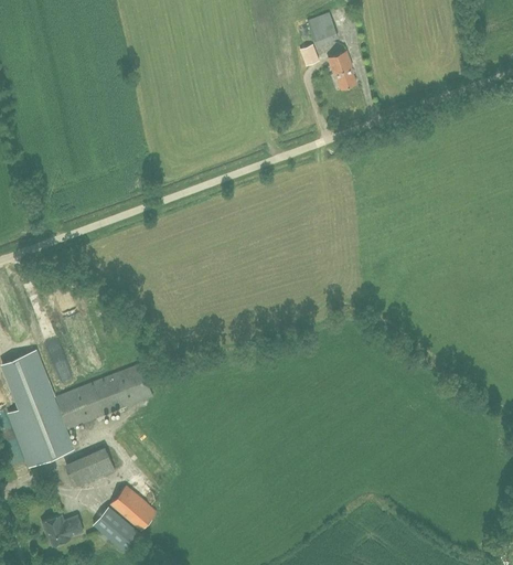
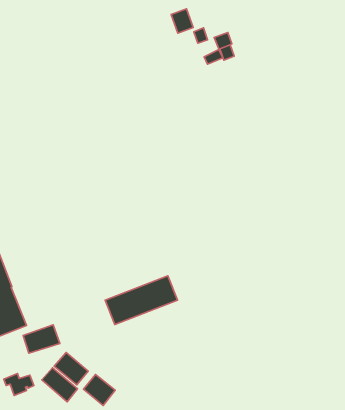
building: [307,12,336,45] -> [171,9,193,33]
building: [54,363,152,429] -> [105,276,177,324]
building: none -> [83,375,115,405]

